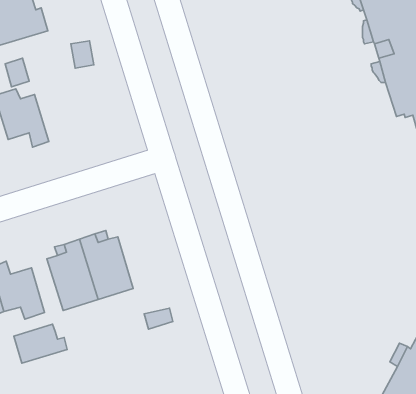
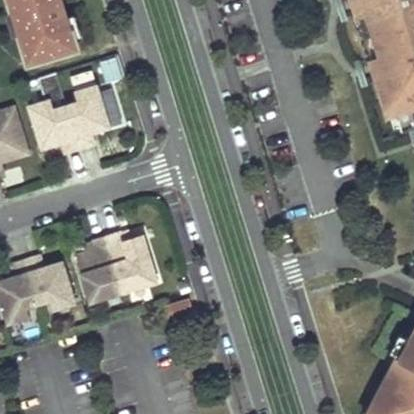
building: none -> [65,86,108,149]
building: [14,324,67,363] -> none

